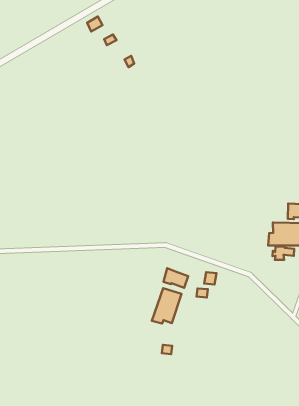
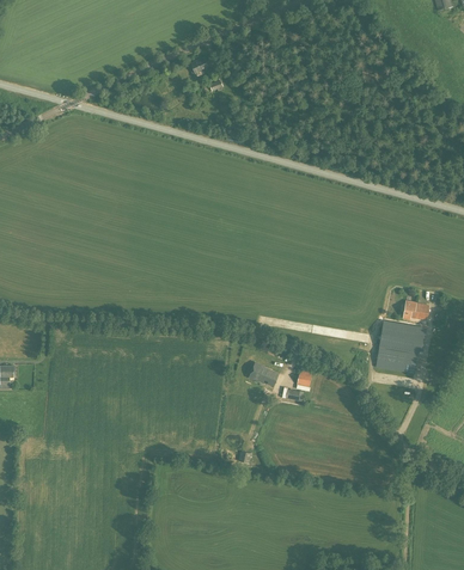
building: [152,288,181,324] -> none

